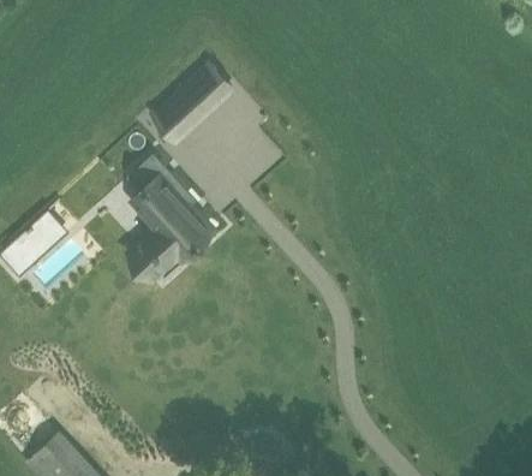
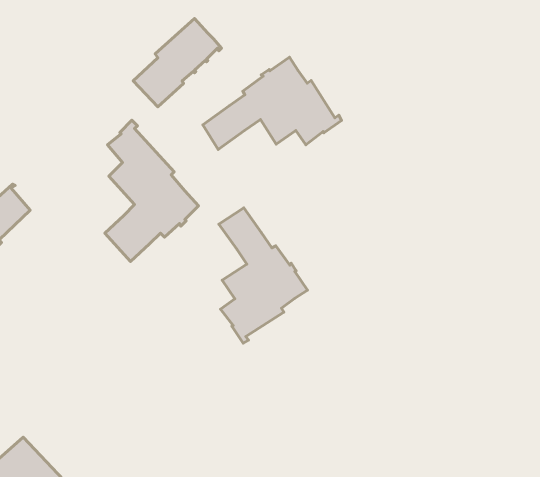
building: none -> [203,57,342,149]
building: none -> [219,208,308,343]

